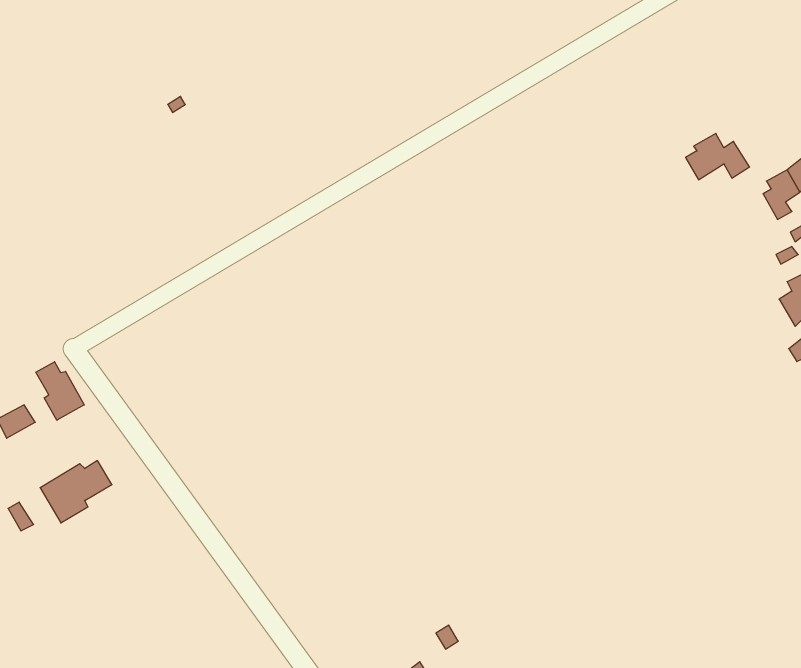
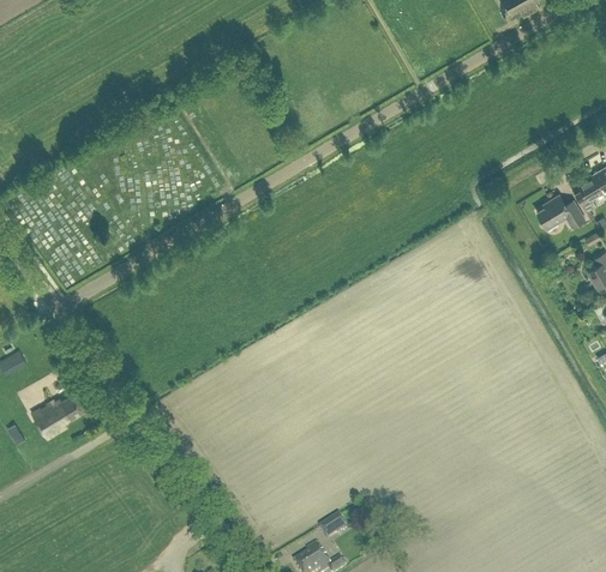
building: [686,133,750,180] -> [538,194,586,229]
building: [36,362,84,420] -> none

